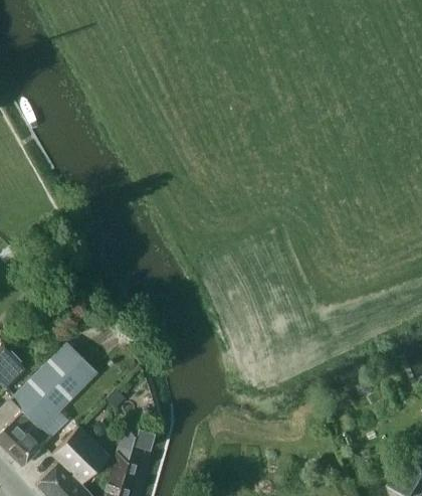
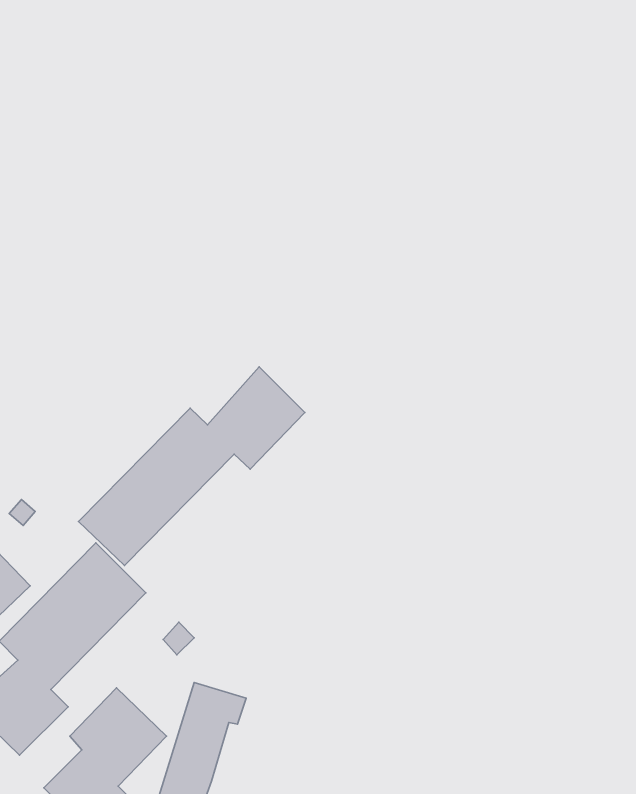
building: none -> [79,367,305,566]

